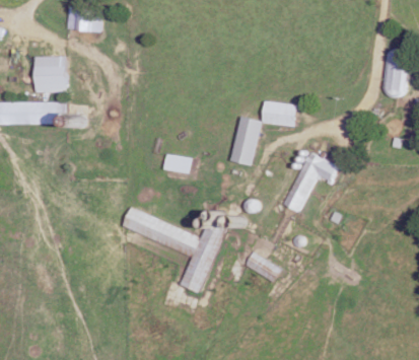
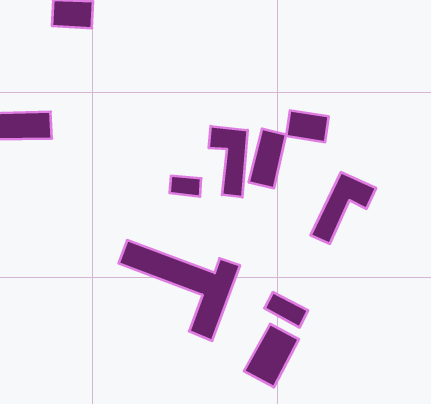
building: [34,56,66,92] -> none
building: none -> [209,126,248,197]
building: none -> [244,324,299,387]

